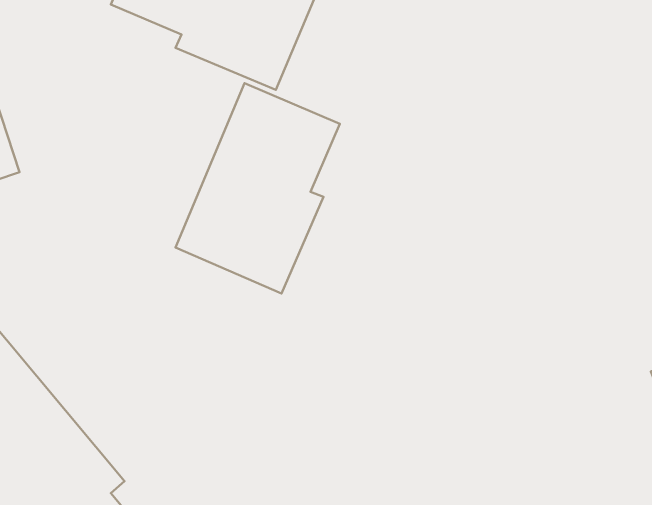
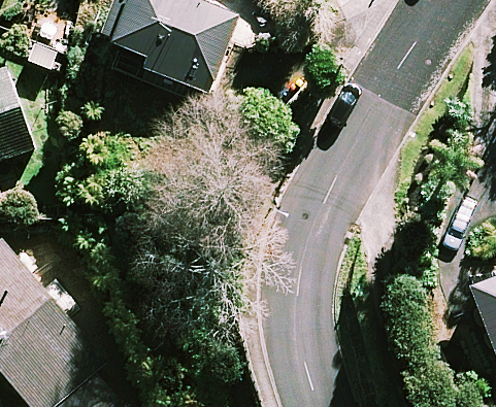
building: [176,83,340,293] -> none

